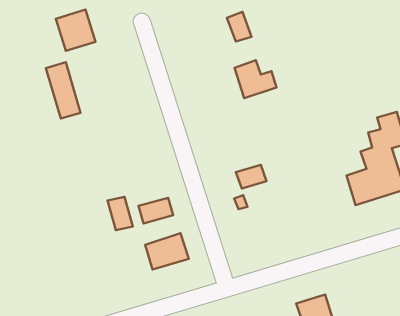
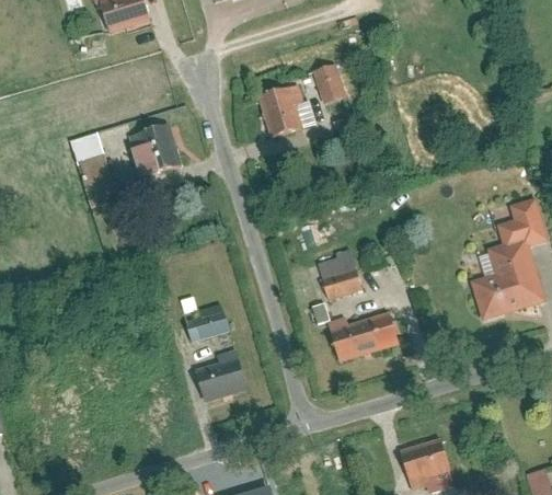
building: [56,10,96,51] -> [128,120,181,175]
building: [234,60,276,98] -> [257,85,313,136]
building: [108,197,133,230] -> none
building: none -> [327,310,398,362]

